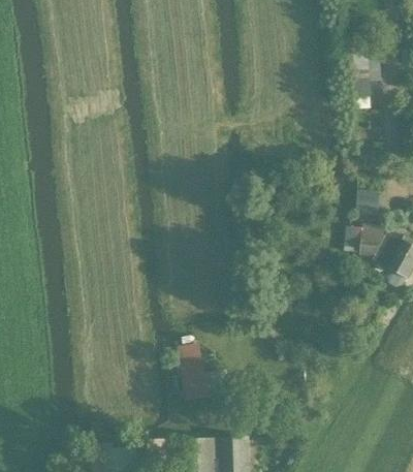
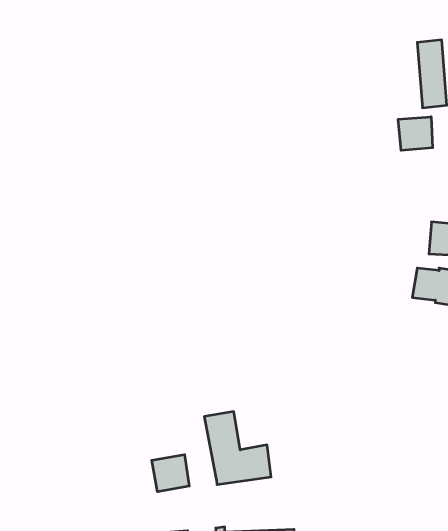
building: none -> [398,117,433,150]
building: none -> [152,455,189,492]

